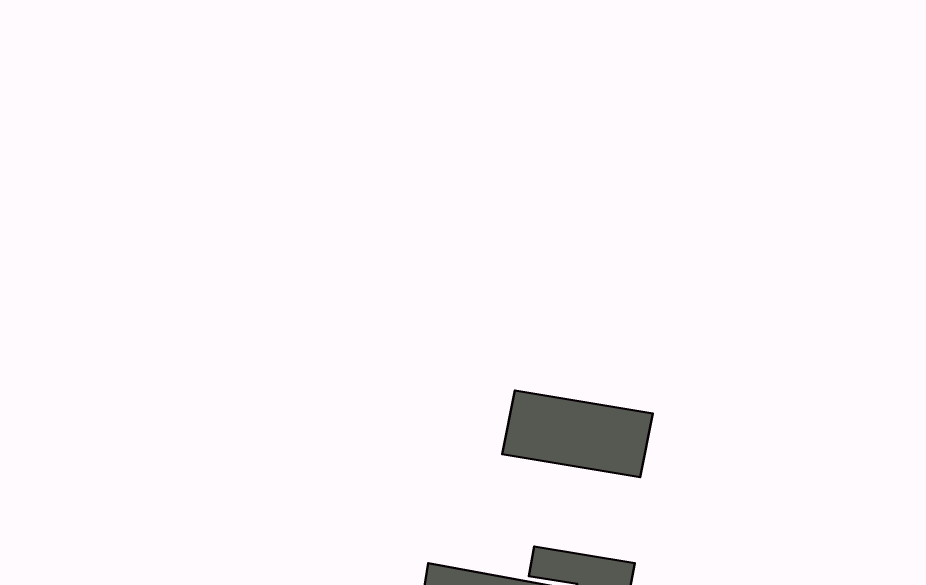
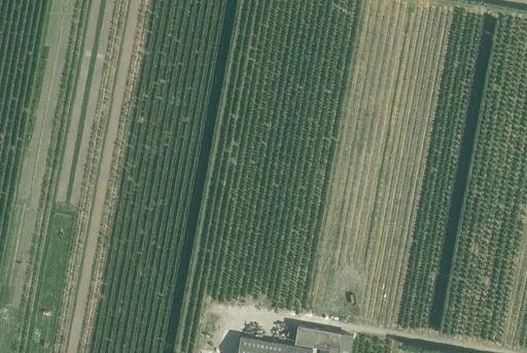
building: [502,391,653,477] -> none

